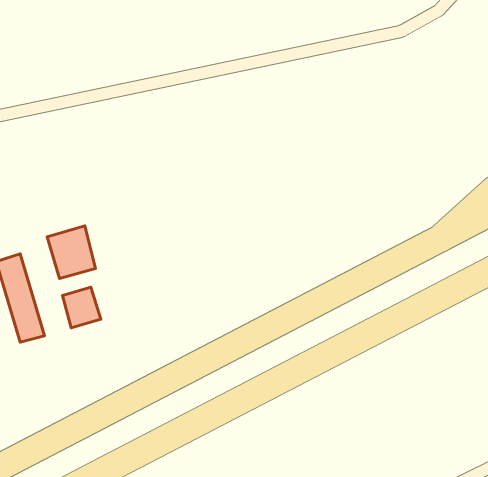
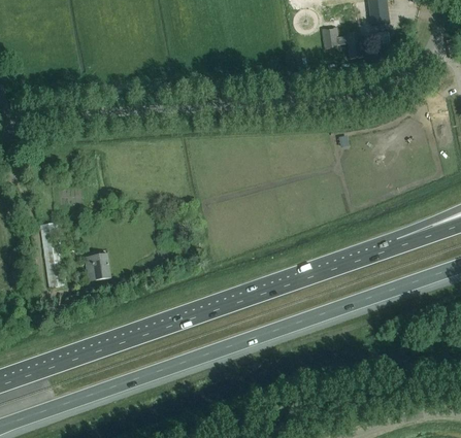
building: [47,226,96,278] -> none

